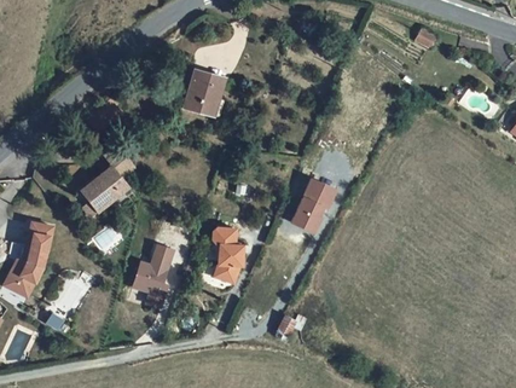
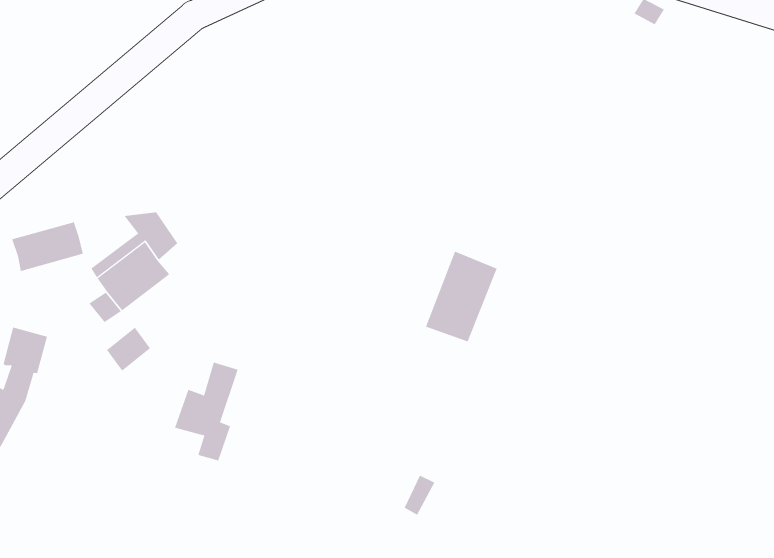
building: [185,69,225,116] -> none
building: none -> [12,221,83,272]
building: [214,227,244,282] -> none

